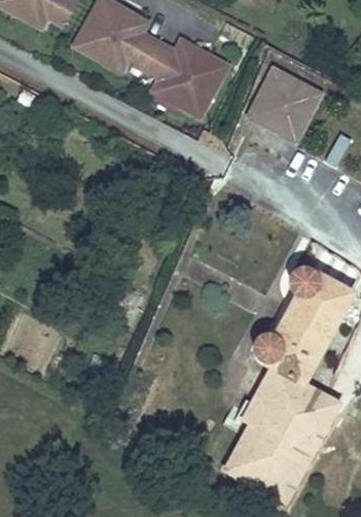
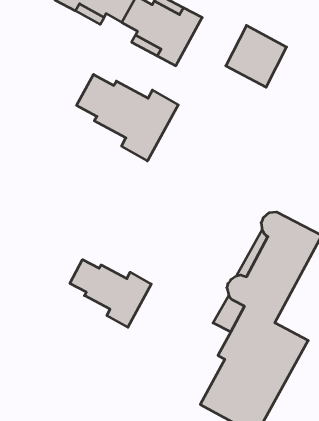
building: none -> [77,74,178,161]
building: none -> [70,260,151,327]

